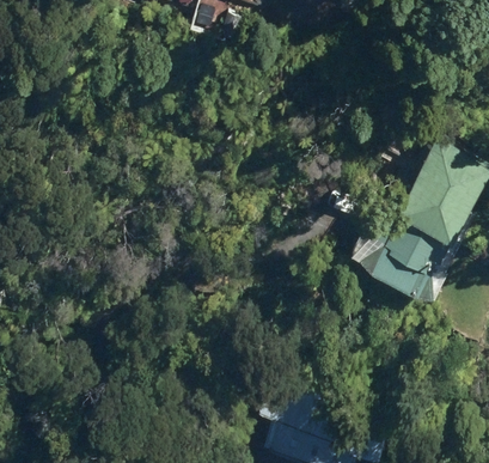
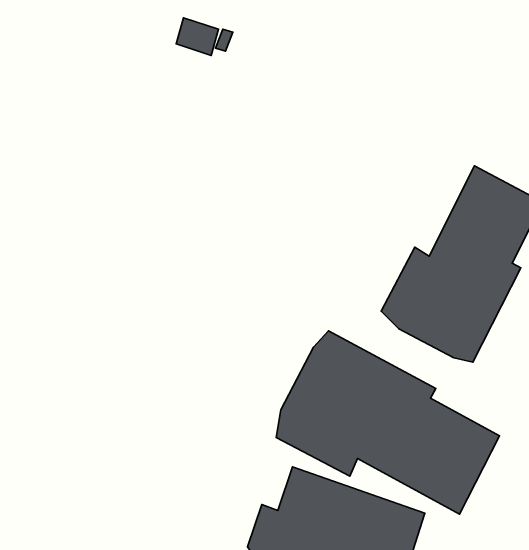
building: none -> [276,331,500,514]

